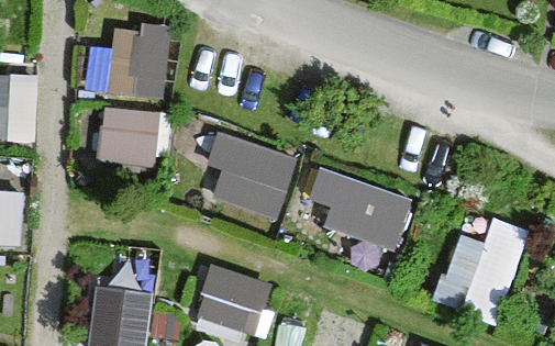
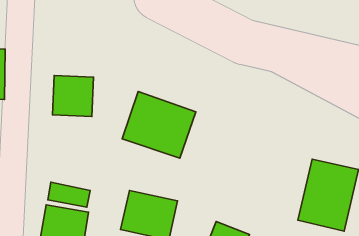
building: [93,22,173,101] -> none
building: [298,163,414,254] -> none

